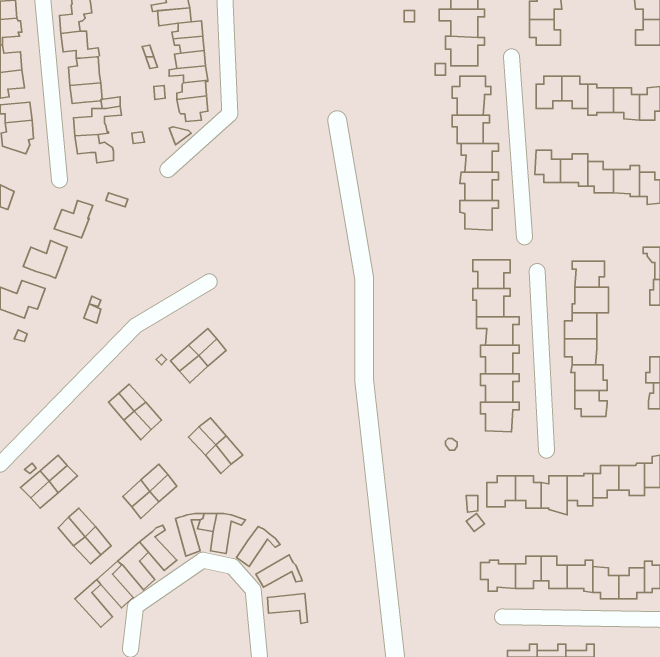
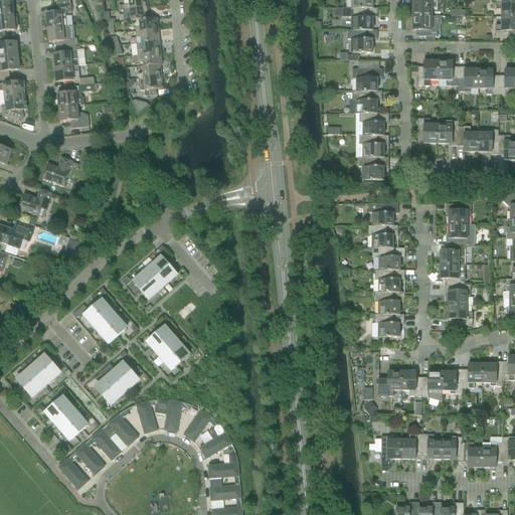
building: none -> [210,484,241,507]

